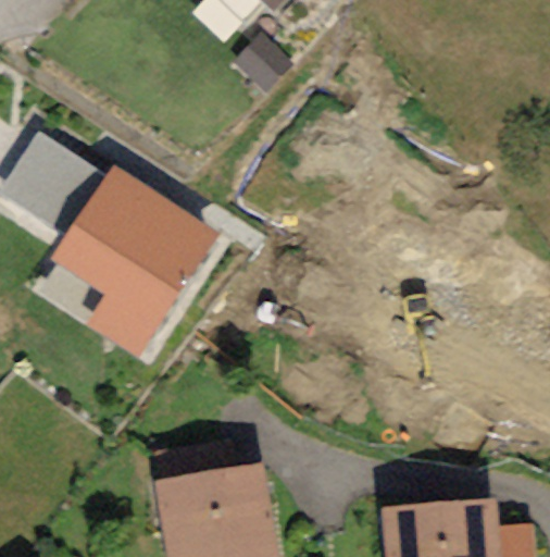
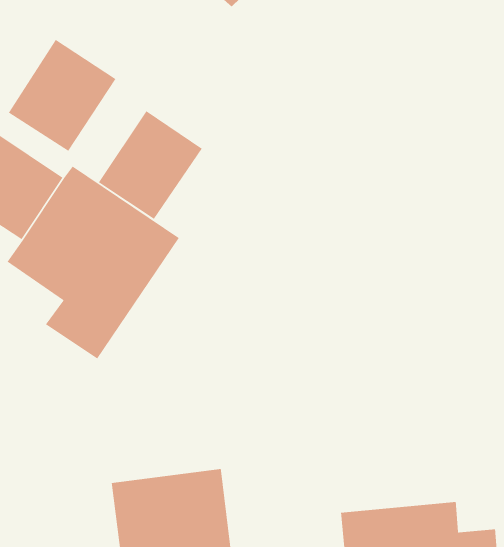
building: none -> [8,39,116,152]
building: none -> [98,110,203,220]

